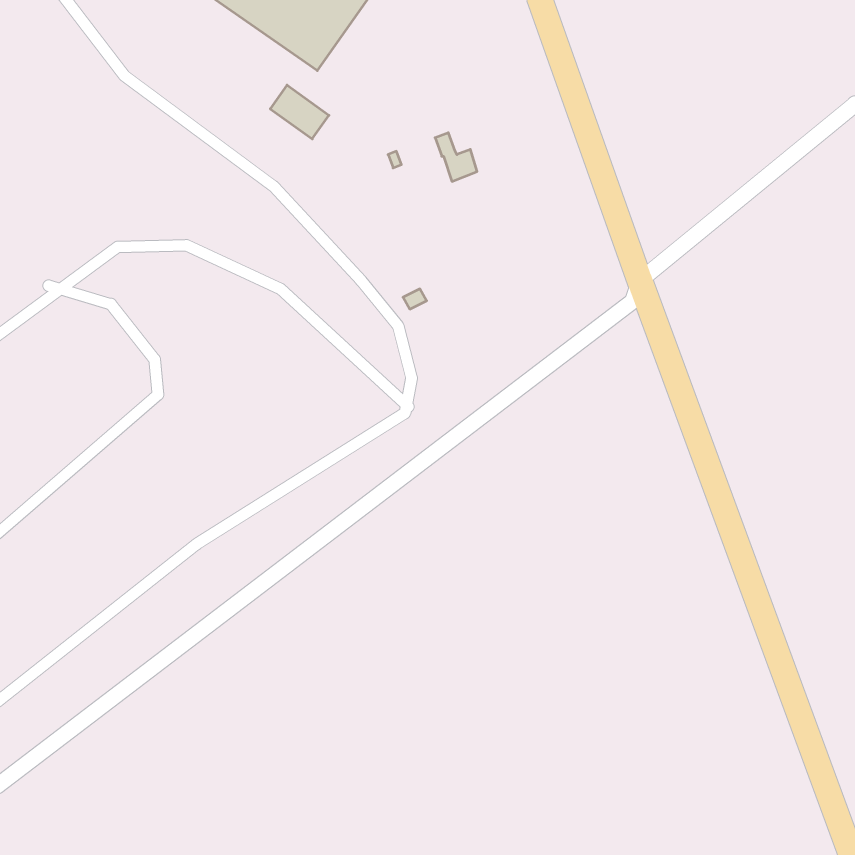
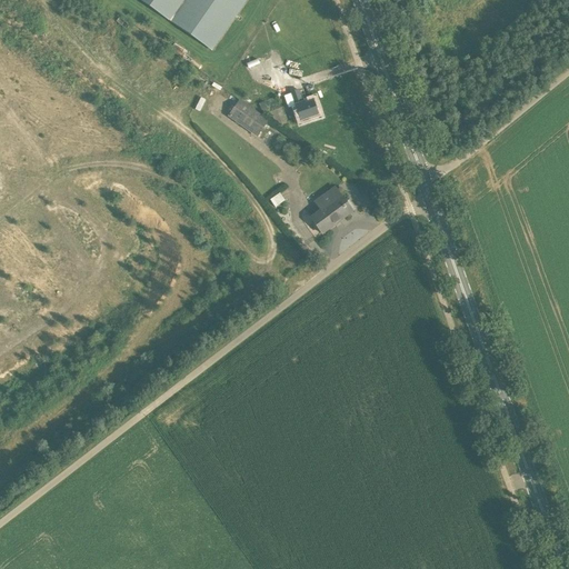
building: [270,85,329,139] -> [227,99,266,134]
building: none -> [309,186,348,232]

